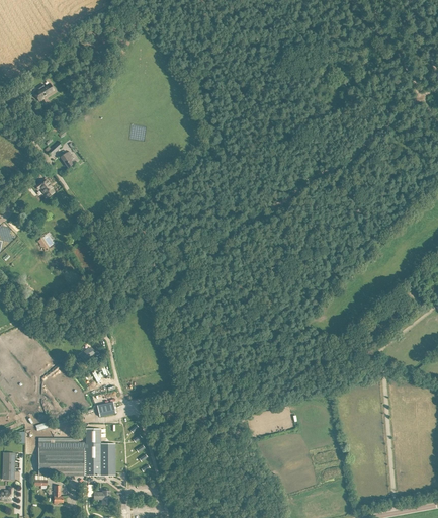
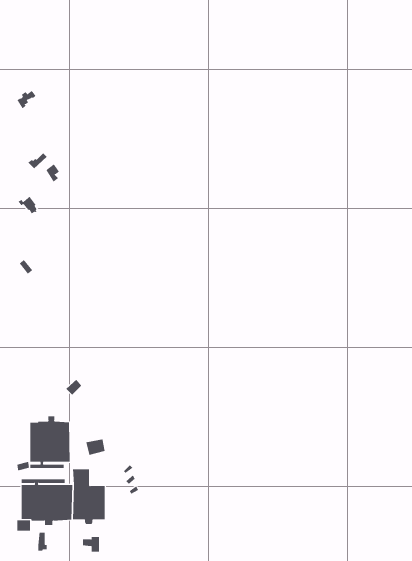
building: none -> [30,416,70,469]

